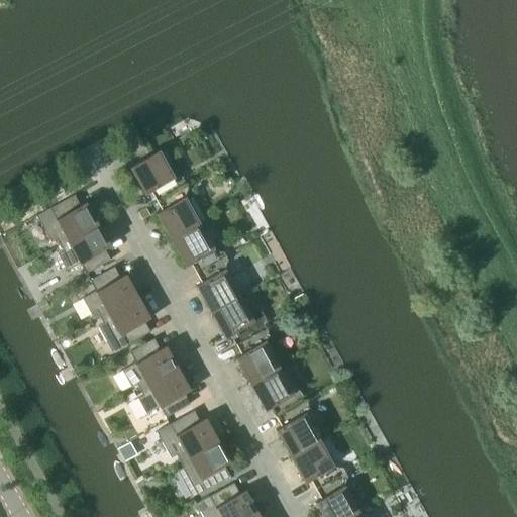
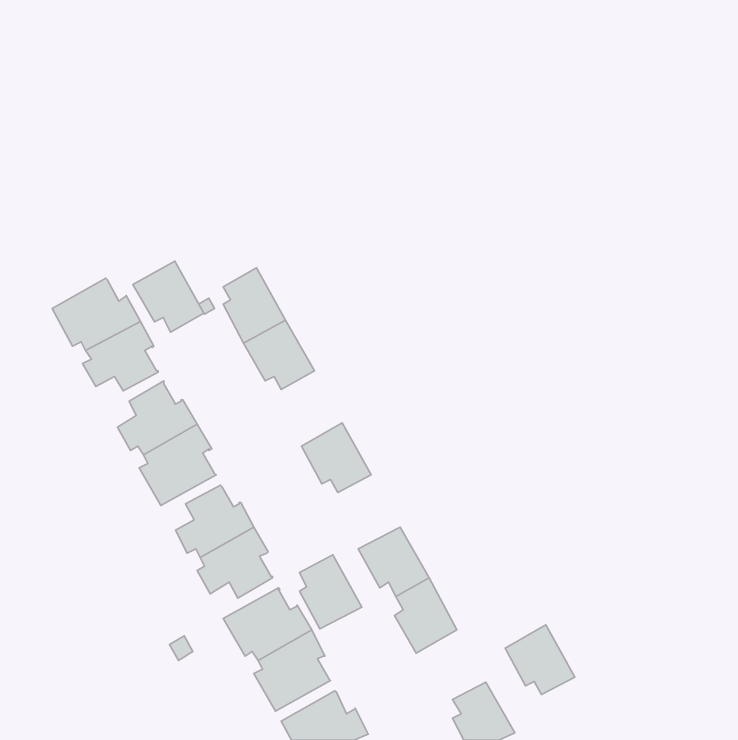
building: [131,150,181,200] -> [133,261,204,332]
building: [197,258,240,311] -> none
building: [237,331,281,383] -> [299,555,362,629]
building: [292,439,340,488] -> [505,625,575,694]

